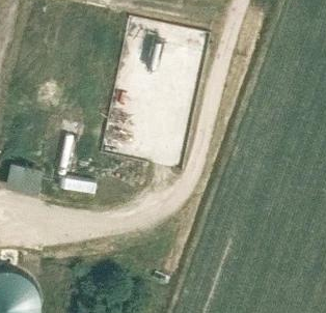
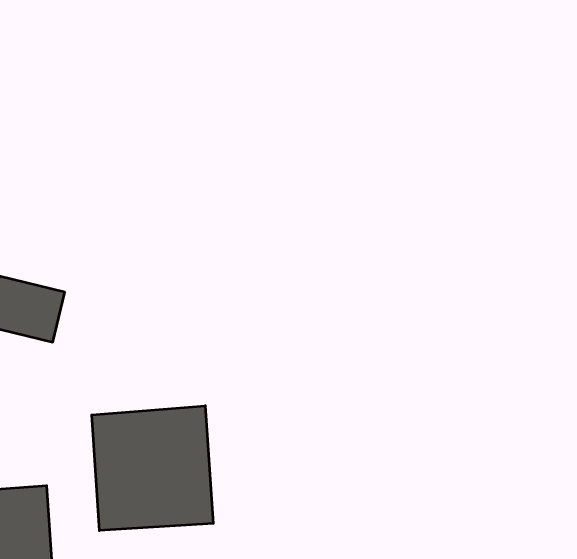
building: none -> [92,406,213,531]

